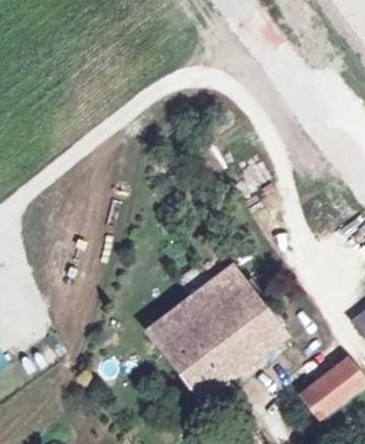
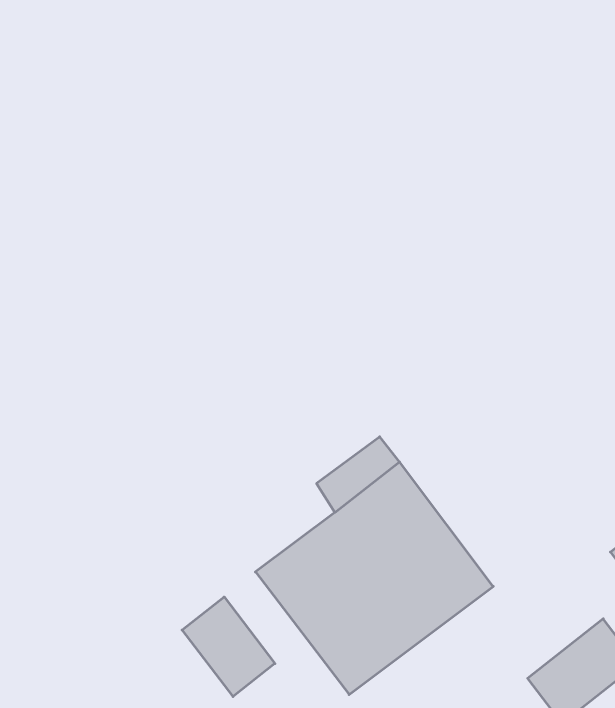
building: none -> [182,597,275,697]

